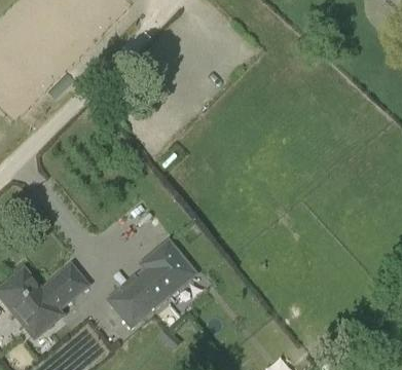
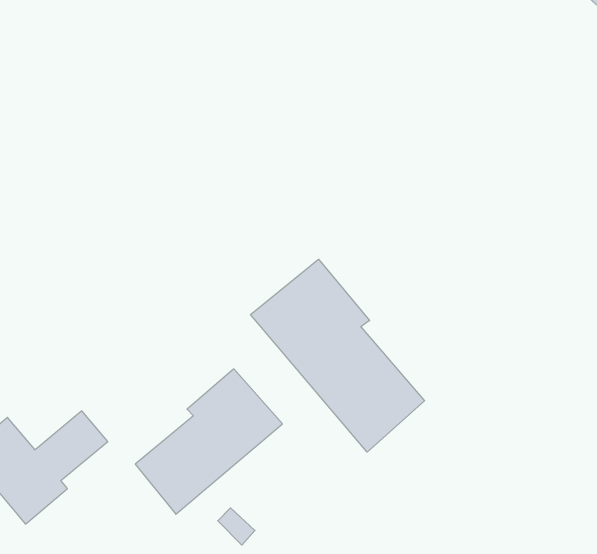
building: none -> [250,259,425,452]

